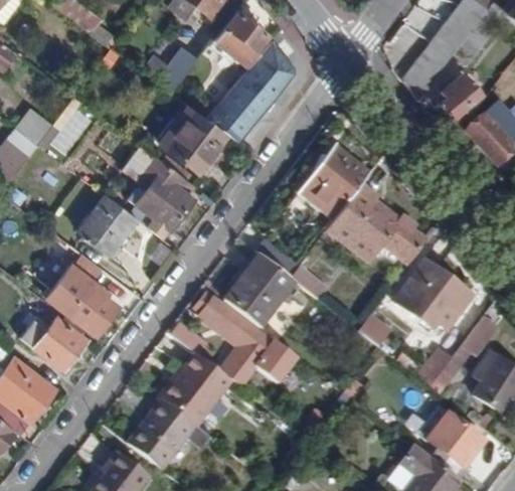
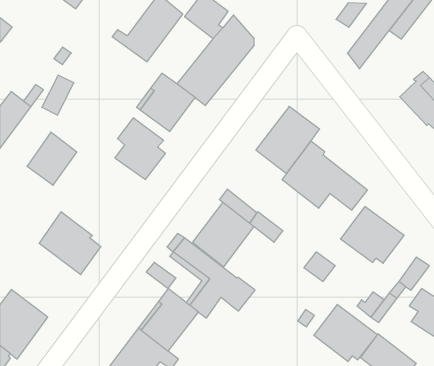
building: [440,77,478,121] -> none
building: [79,194,137,256] -> [27,132,77,185]
building: [21,317,87,369] -> none
building: none -> [314,304,377,361]

